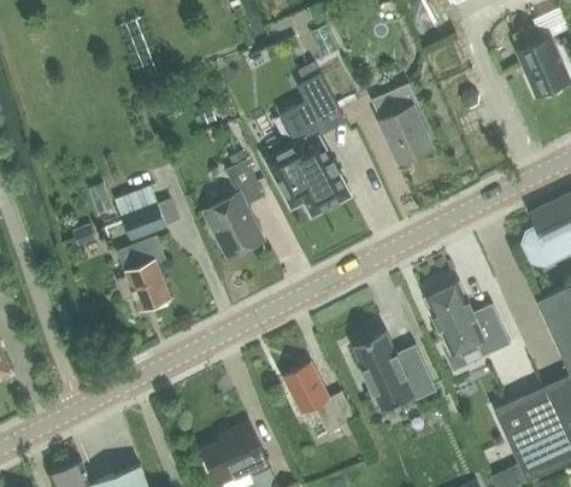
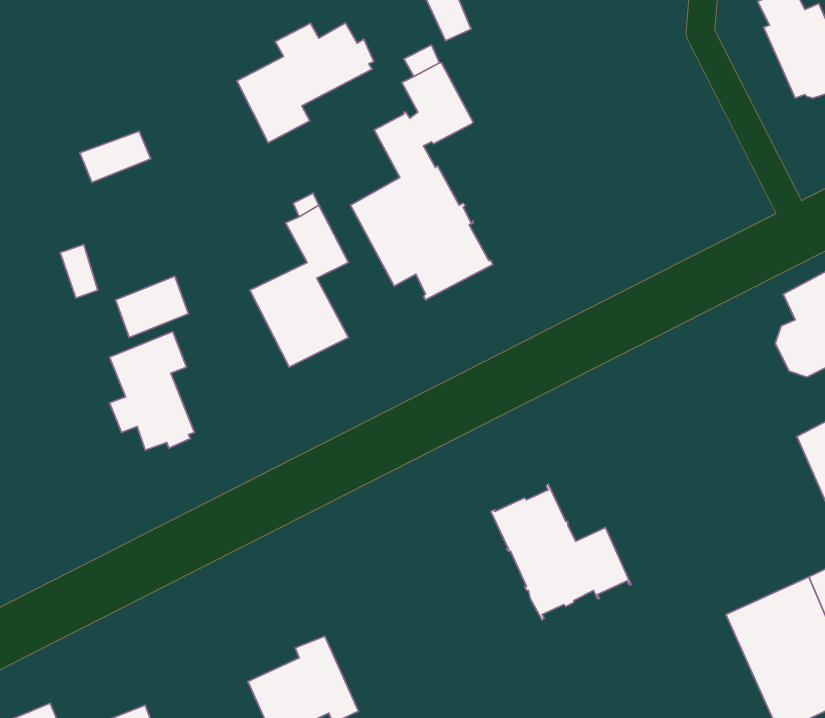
building: none -> [237,23,374,143]
building: [373,84,432,164] -> none
building: [114,187,158,218] -> [80,131,151,183]
building: [424,282,511,358] -> none
building: [283,364,354,434] -> none

